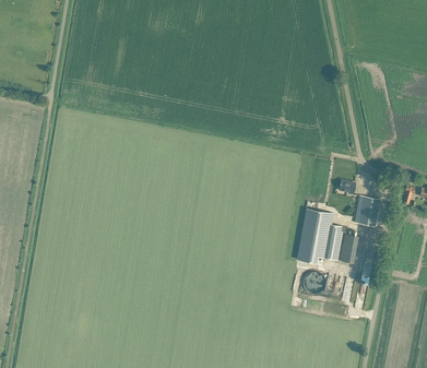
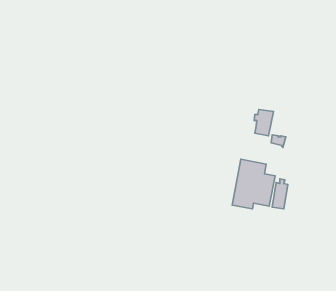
building: [357,197,379,226] -> [254,110,274,136]

